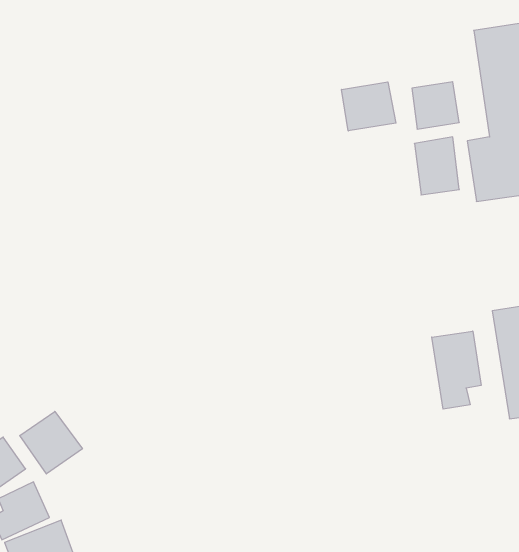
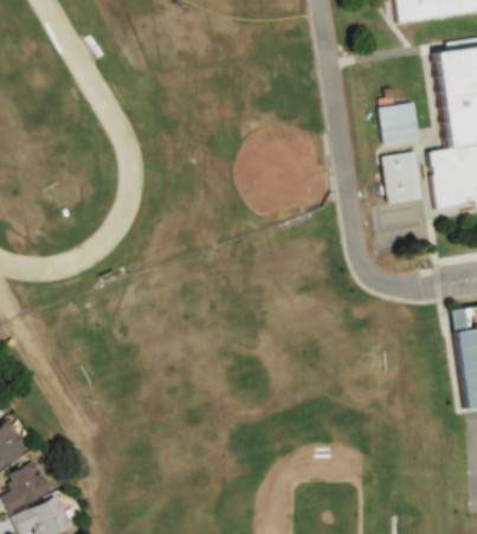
building: [342,82,396,131] -> none
building: [432,331,481,409] -> none
building: [20,411,82,474] -> none

